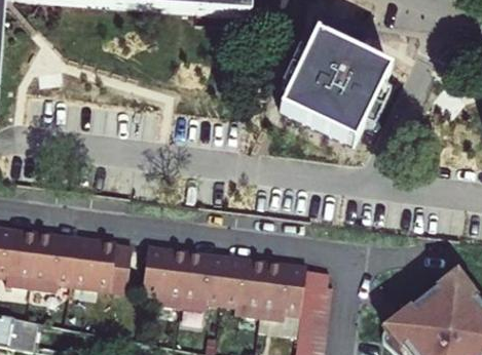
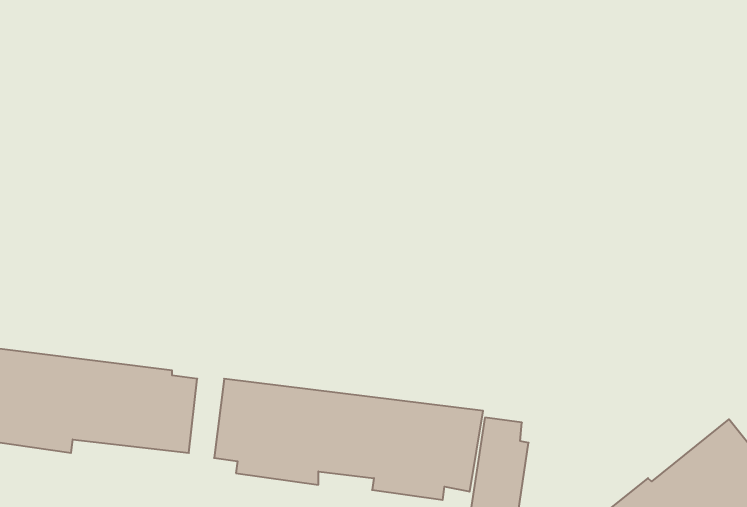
building: [279,33,390,142] -> none

